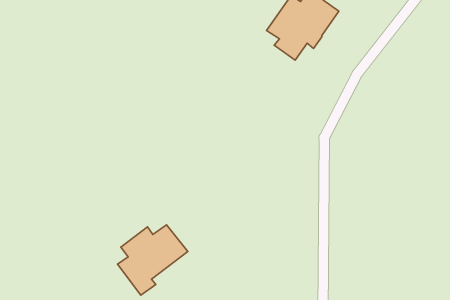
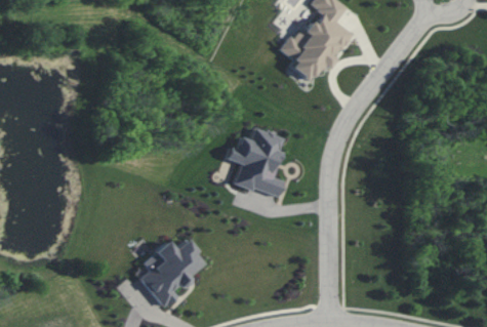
building: none -> [226,128,284,198]

